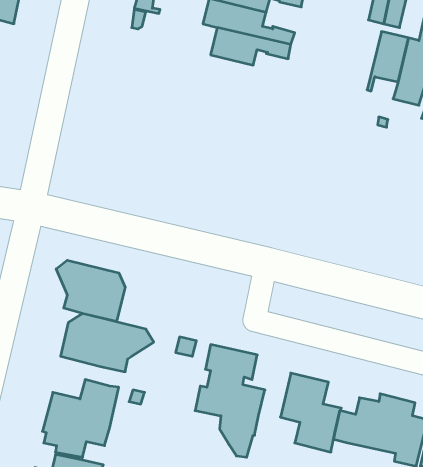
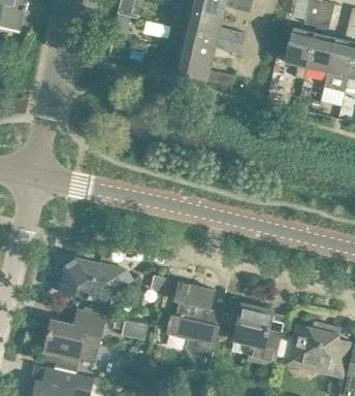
building: none -> [284,27,314,78]
building: none -> [172,51,234,87]
building: [56,260,125,321] -> none

